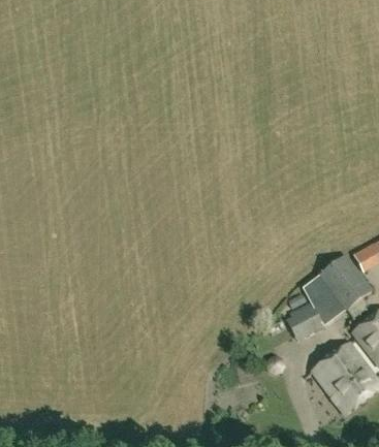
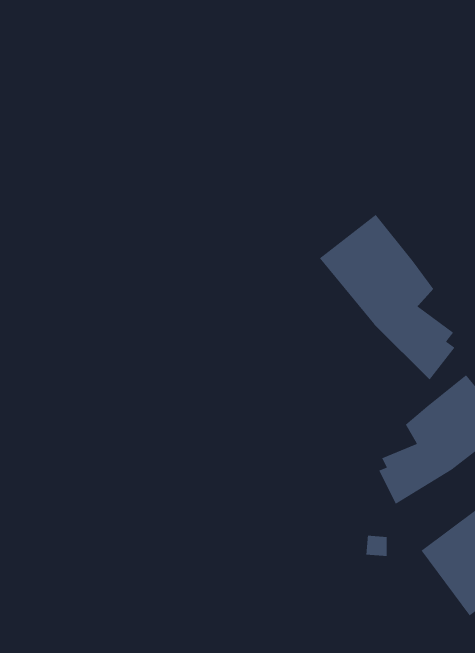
building: none -> [319,214,455,381]

